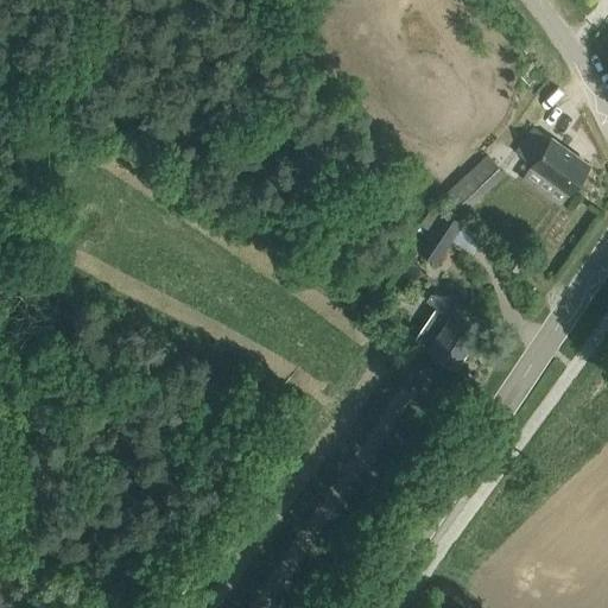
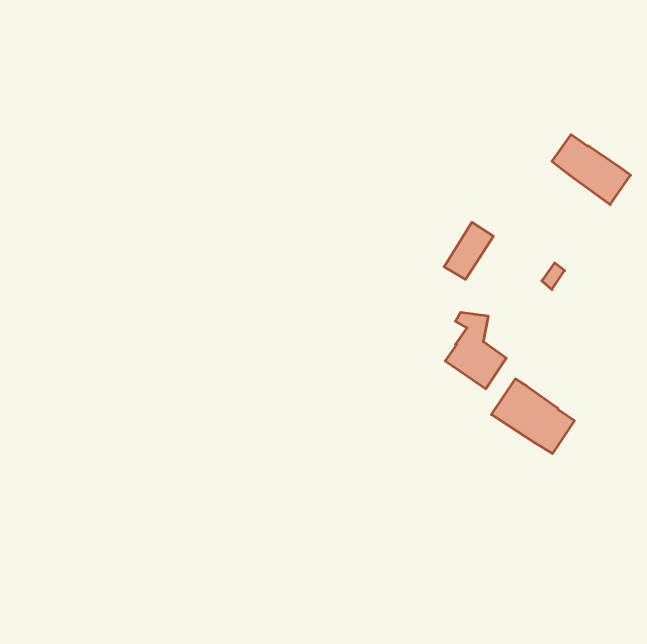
building: [449,163,500,214] -> none
building: none -> [491,379,574,454]

